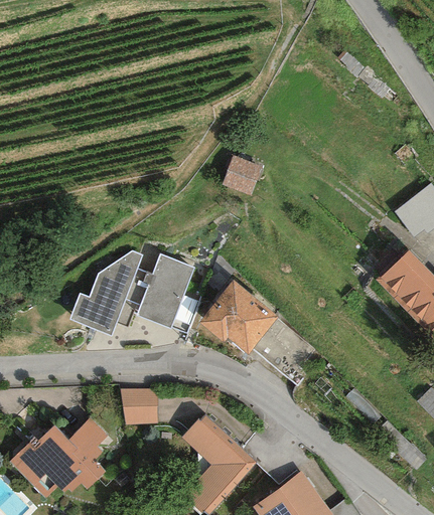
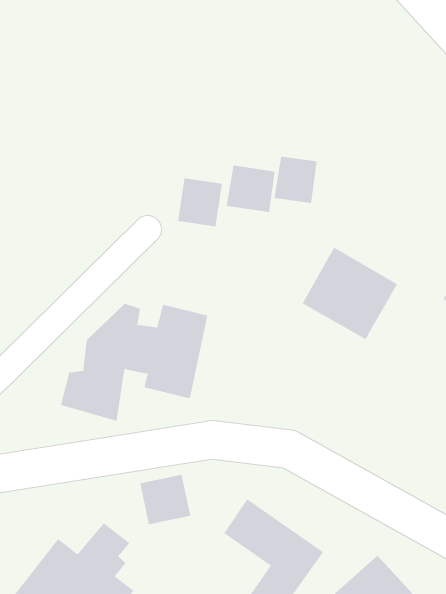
building: none -> [274,156,317,204]
building: none -> [178,178,223,227]
building: [201,282,278,357] -> [302,247,398,340]

